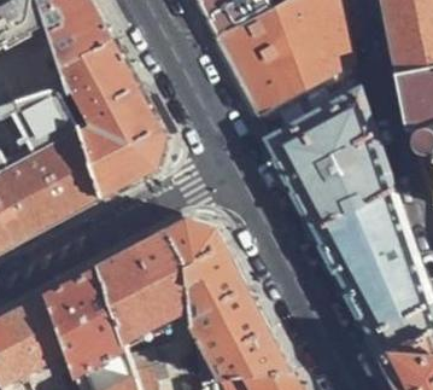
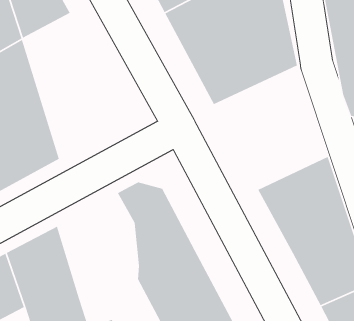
building: [63,39,166,196] -> none
building: [268,95,391,228] -> none
building: [100,232,187,345] -> none

